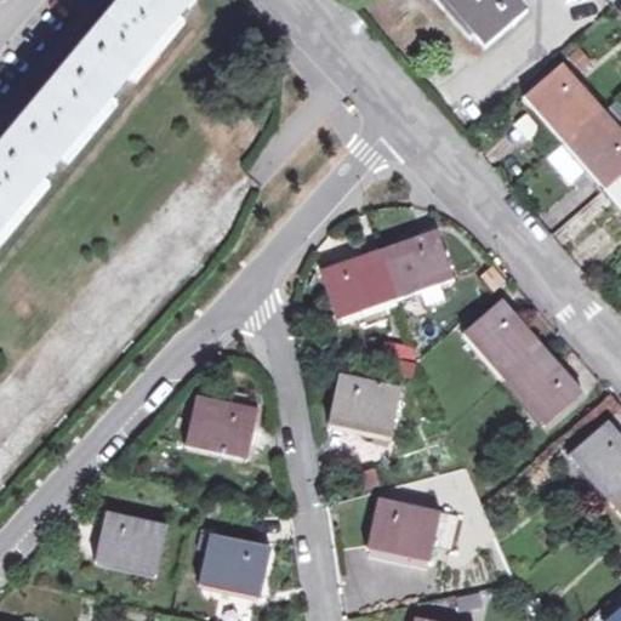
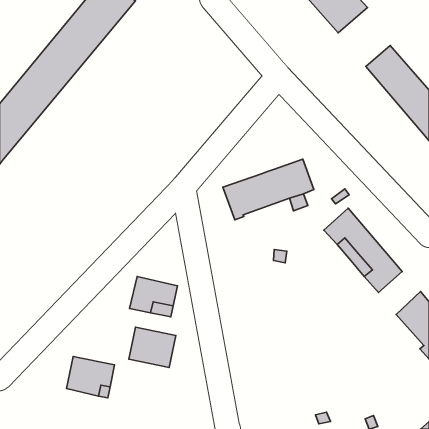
building: [329,376,400,439] -> none
building: [369,497,456,557] -> none
building: [200,535,268,593] -> [129,327,176,368]

